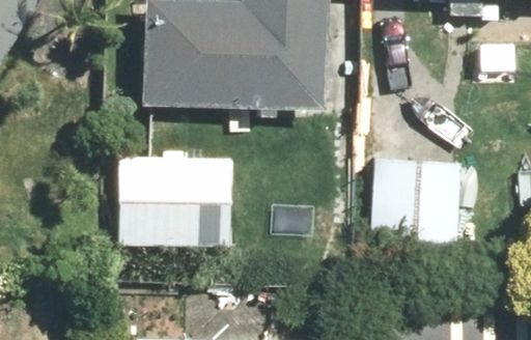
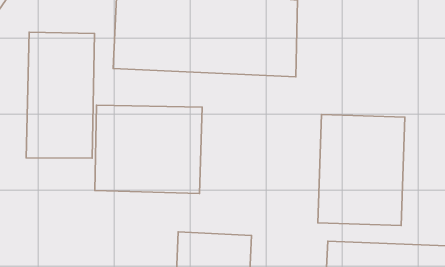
building: none -> [26,32,94,158]

